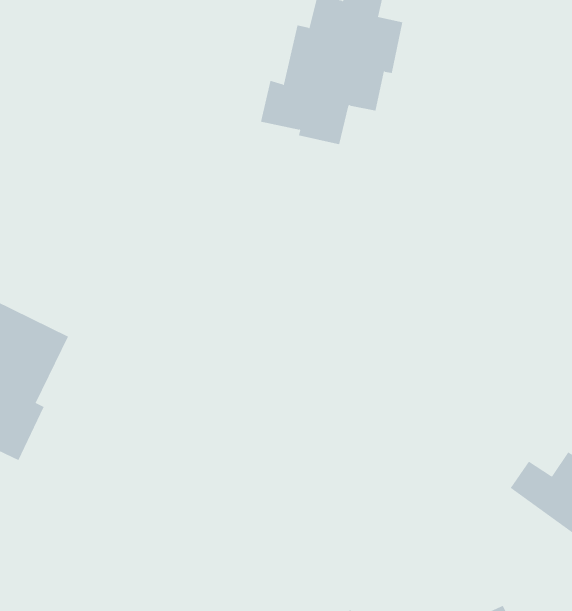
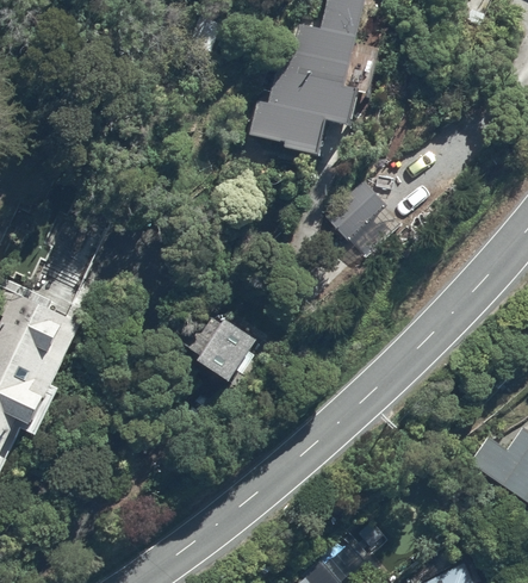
building: none -> [323,176,387,240]
building: none -> [172,312,257,383]

